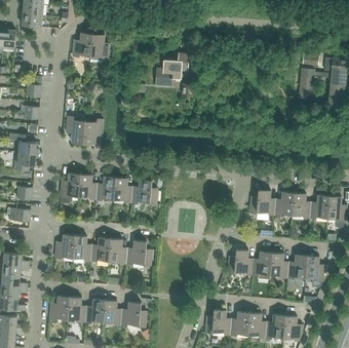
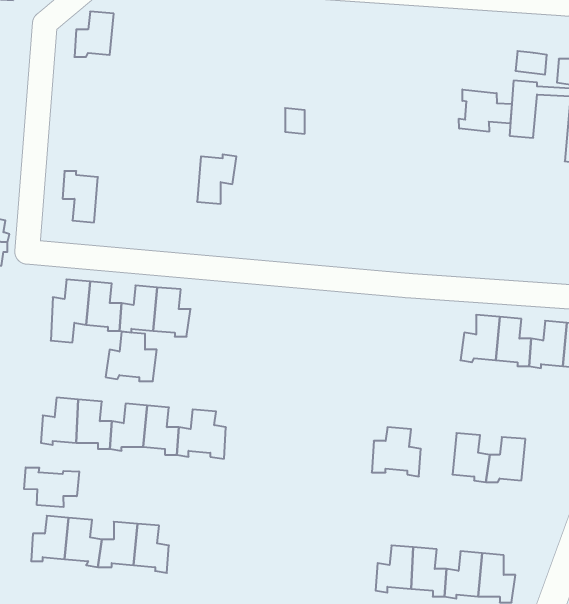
building: [89,34,109,63] -> none
building: [161,51,188,79] -> none
building: none -> [459,89,512,132]
building: [82,118,103,144] -> [197,154,236,204]
building: [130,179,157,204] -> [106,332,157,381]
building: [249,189,275,215] -> none
building: [251,252,271,279] -> none
building: [305,256,323,286] -> none
building: none -> [24,467,79,507]
building: [120,302,146,327] -> none
building: [204,309,230,335] -> none

